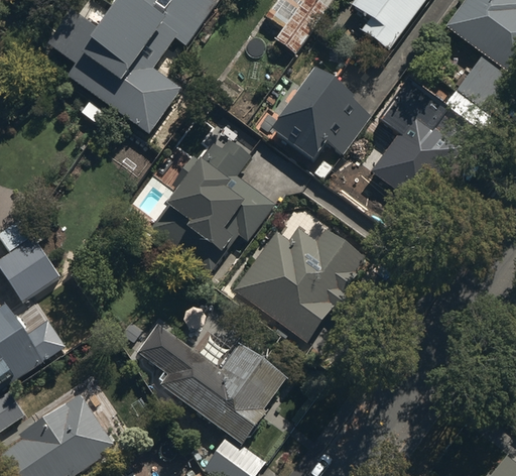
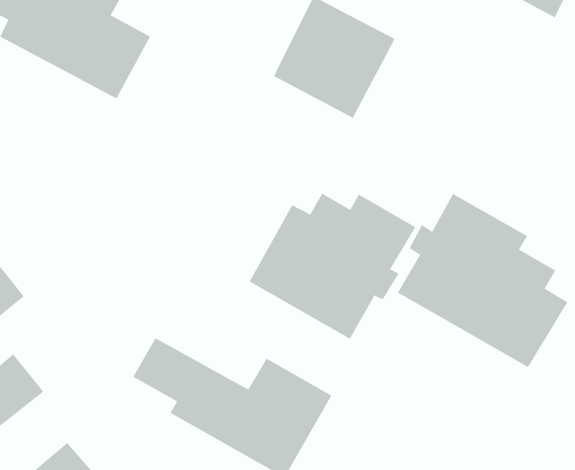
building: [367,101,463,207] -> none
building: [154,137,275,268] -> none
building: none -> [397,193,568,368]

